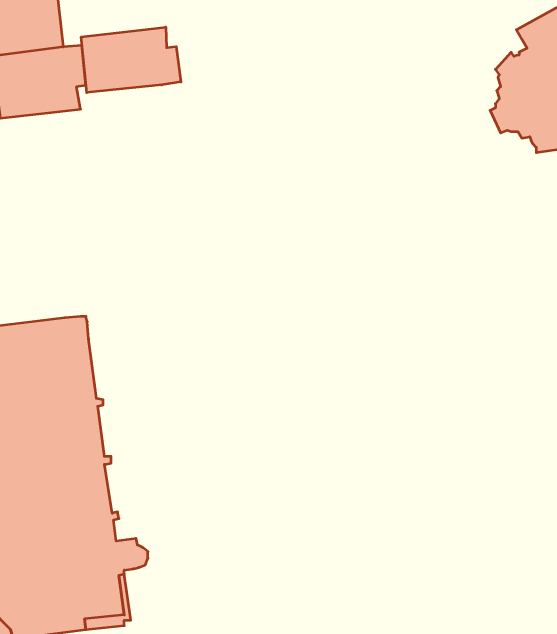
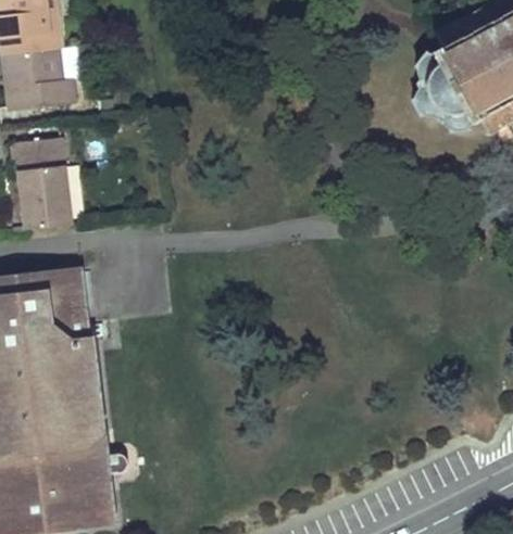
building: [81,27,181,93] -> none
building: none -> [14,138,72,230]

